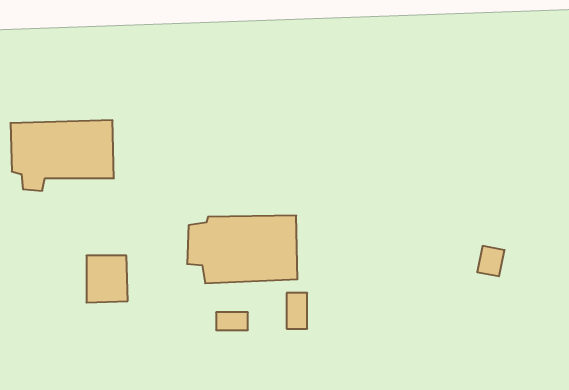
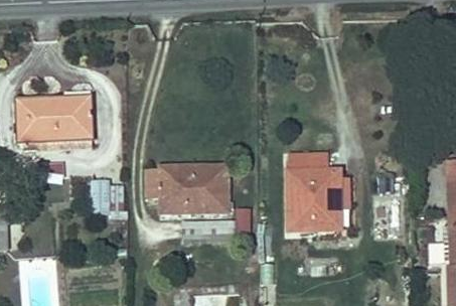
building: none -> [287,154,339,233]

